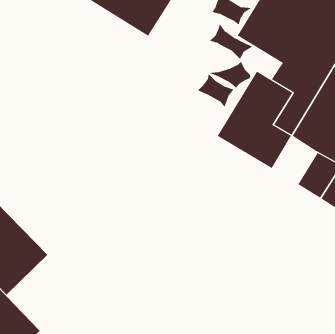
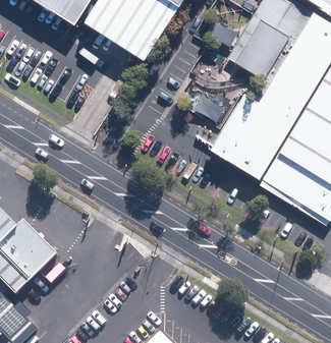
building: none -> [261,149,302,193]

